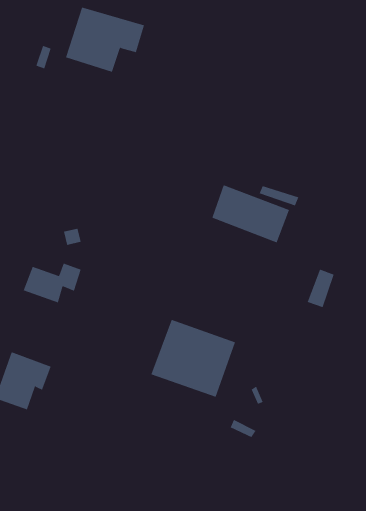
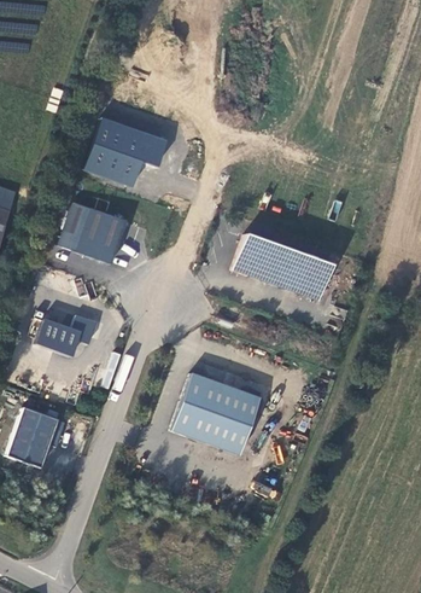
building: [65,7,145,73] -> [87,116,170,185]
building: none -> [58,202,125,263]
building: [307,269,335,308] -> [302,257,331,298]

